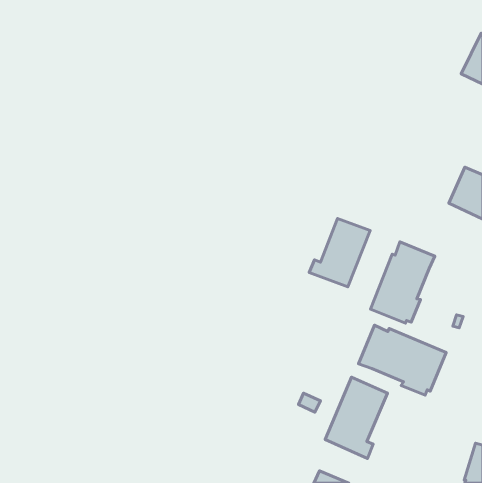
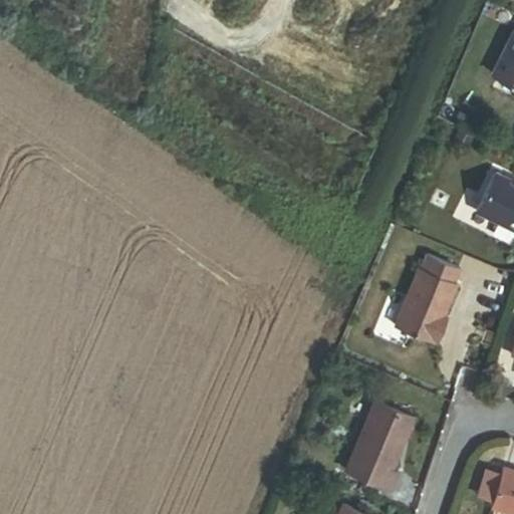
building: [309,218,370,287] -> none
building: [358,325,446,395] -> none

